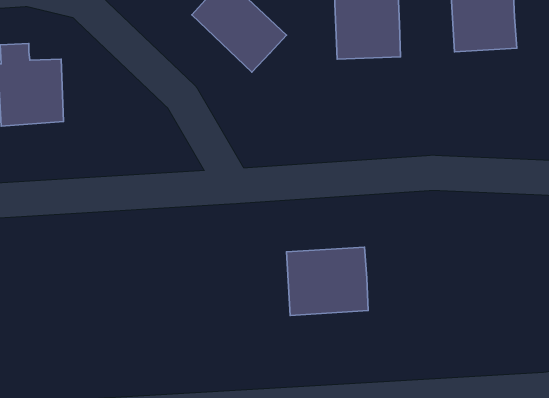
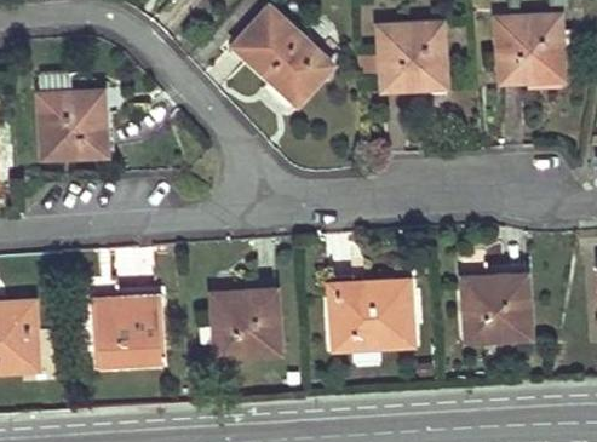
building: none -> [463,274,529,340]
building: none -> [213,289,280,357]
building: none -> [94,298,161,364]

